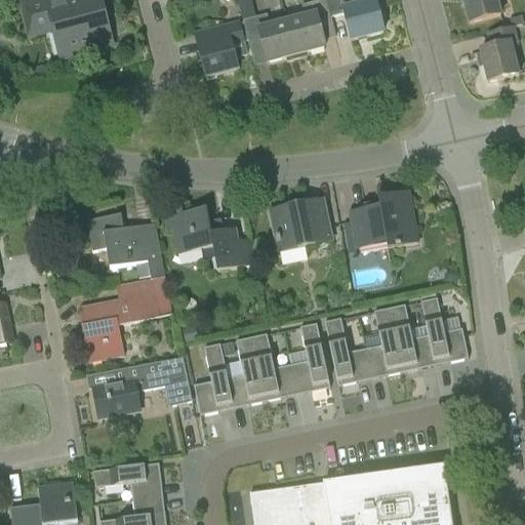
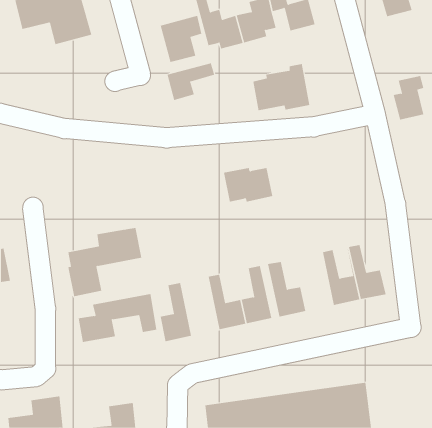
building: [480,25,518,79] -> [393,75,424,120]
building: none -> [167,62,215,101]
building: [349,190,418,247] -> [253,64,310,111]
building: [163,206,253,269] -> none
building: [86,212,165,278] -> none
building: [365,306,404,377] -> none
building: [219,335,266,407] -> none
building: [93,461,162,492] -> none

